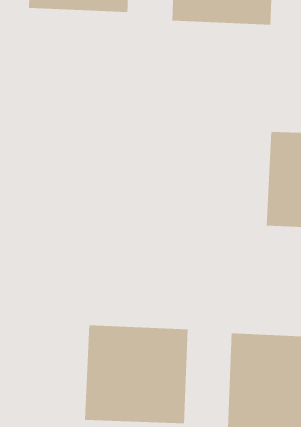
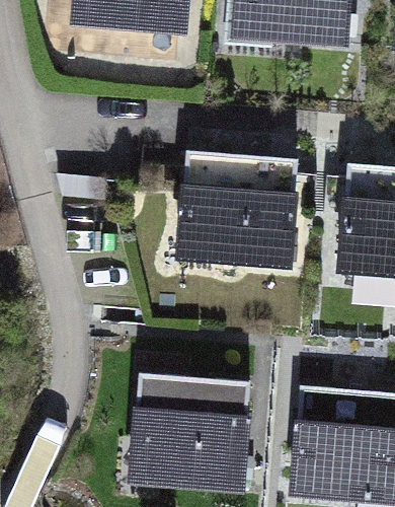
building: none -> [173,156,291,268]

